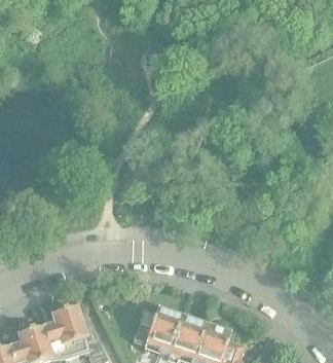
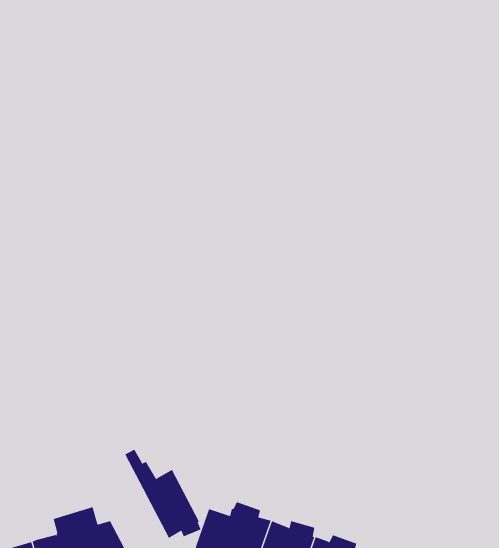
building: none -> [125,449,201,539]

